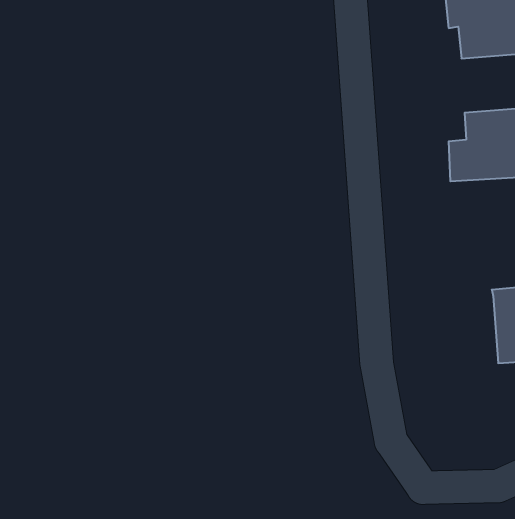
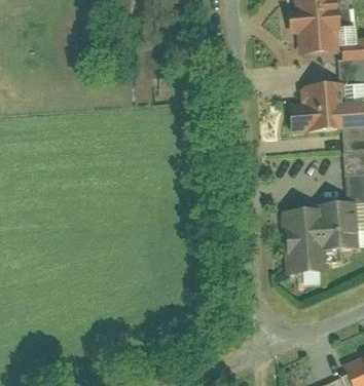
building: none -> [282,206,325,271]

